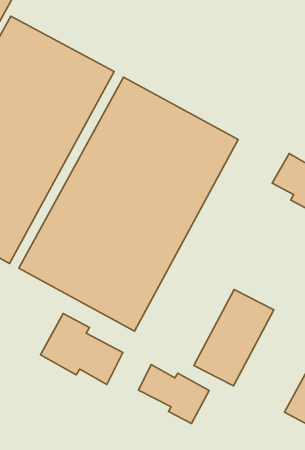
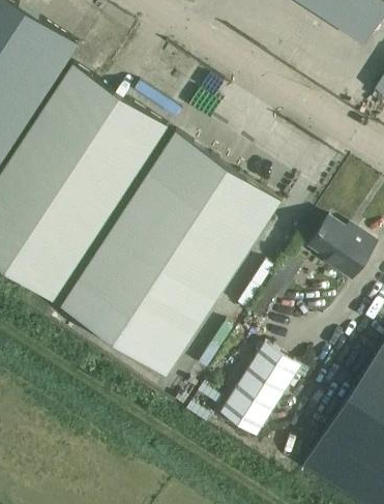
building: [41,313,123,384] -> none
building: [139,365,209,424] -> none

